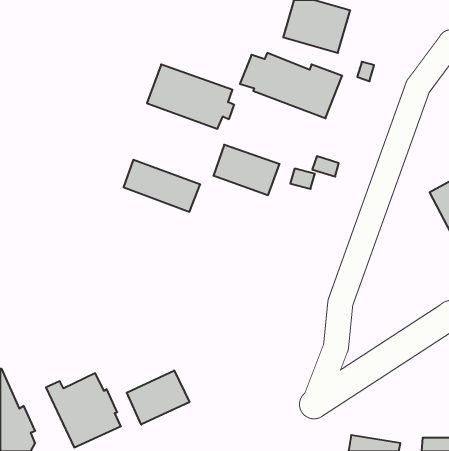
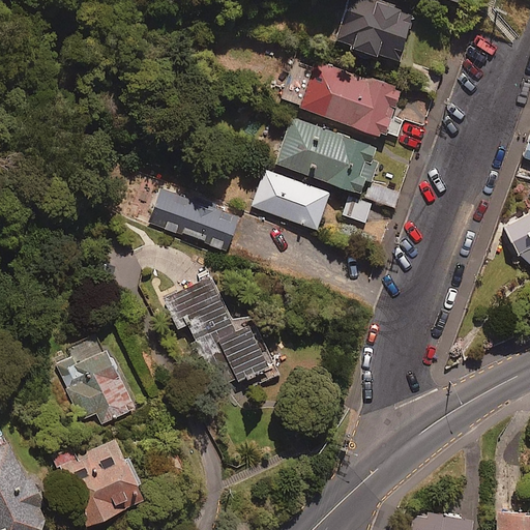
building: [147,64,234,129] -> [275,117,378,193]
building: none -> [163,274,278,390]
building: none -> [55,334,135,424]
building: [127,370,189,425] -> none

